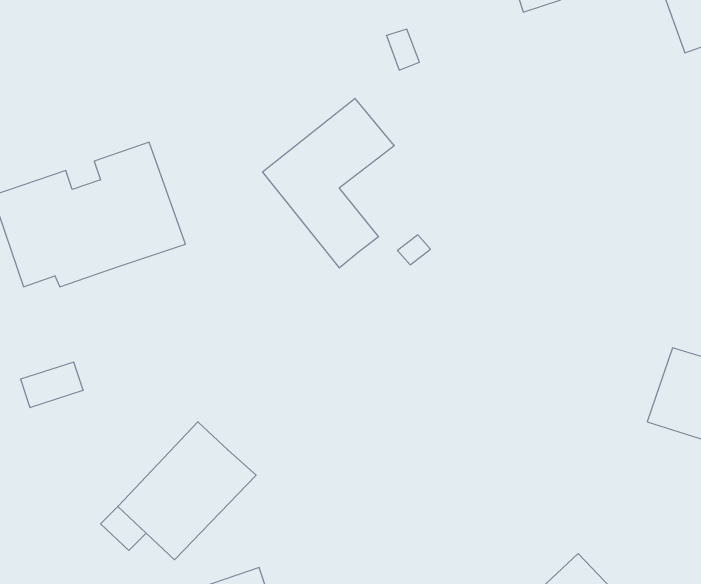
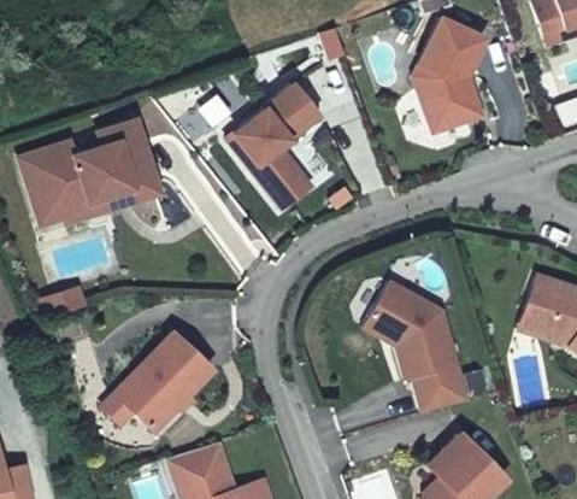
building: none -> [411,12,489,135]
building: none -> [361,278,469,413]

